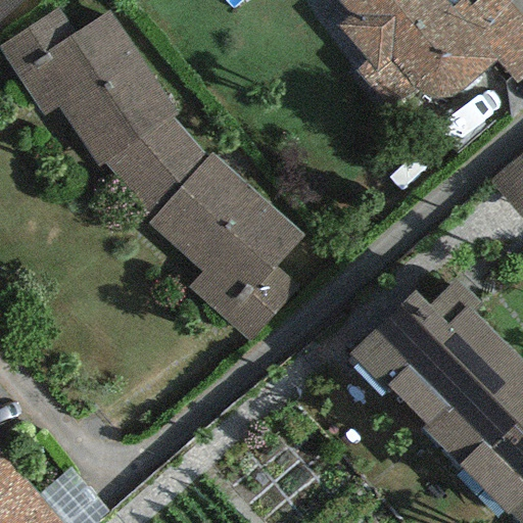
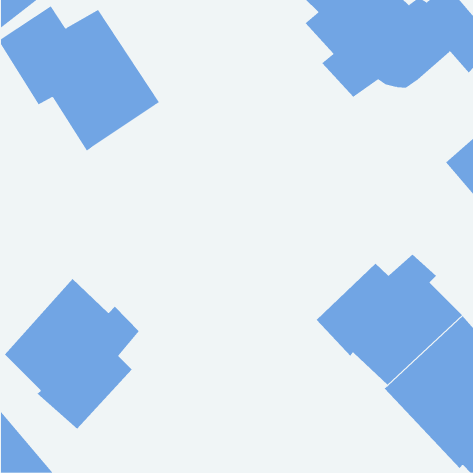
building: [104,115,305,340] -> none
building: none -> [4,278,140,430]

